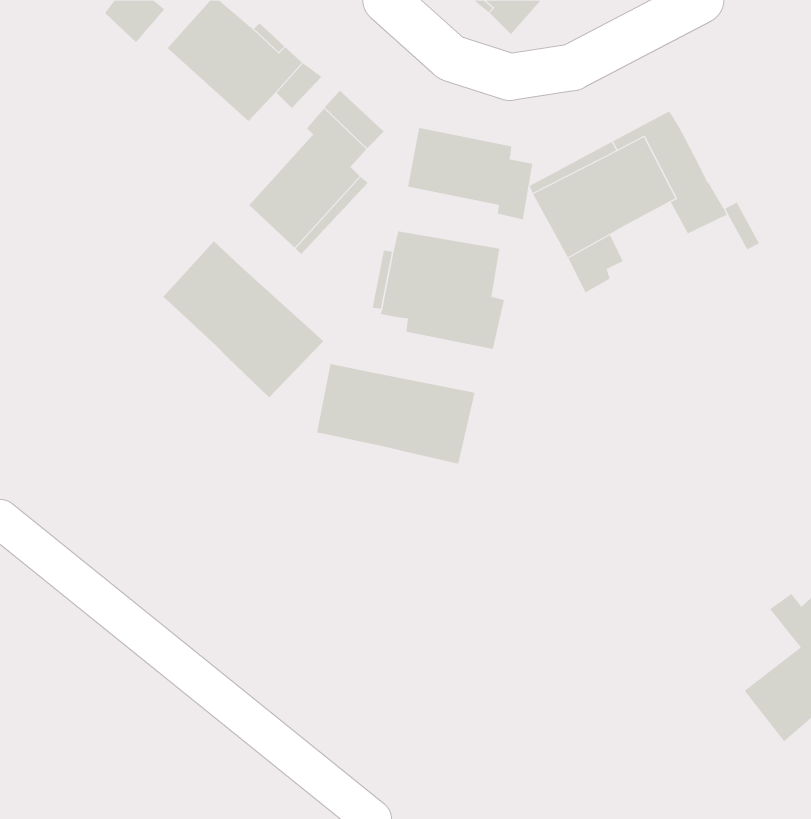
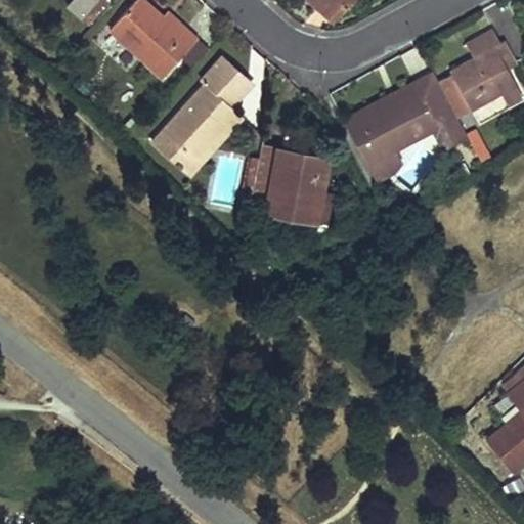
building: none -> [439,28,518,117]
building: [407,127,533,220] -> none
building: [163,241,324,398] -> none
building: [316,363,475,464] -> none

